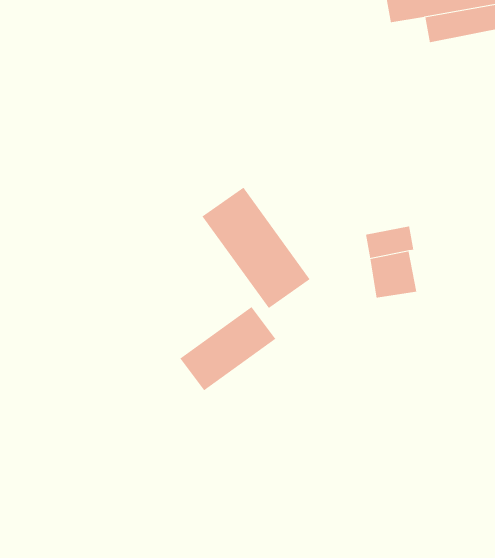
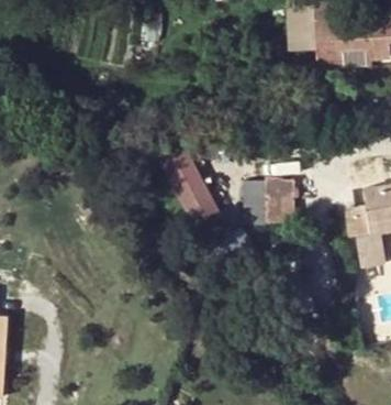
building: [179,306,276,391] -> none

